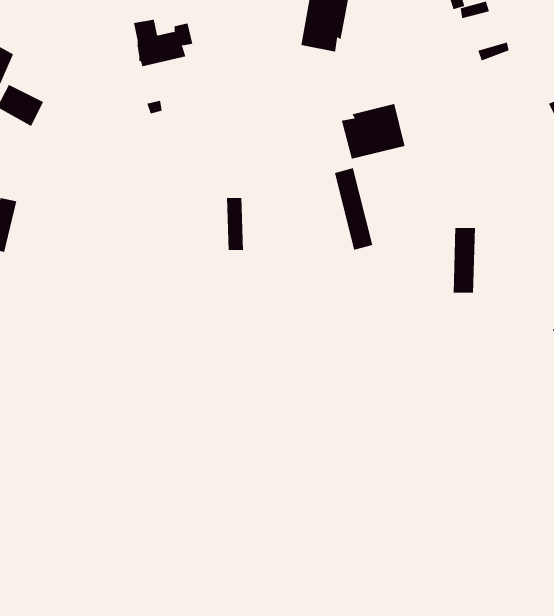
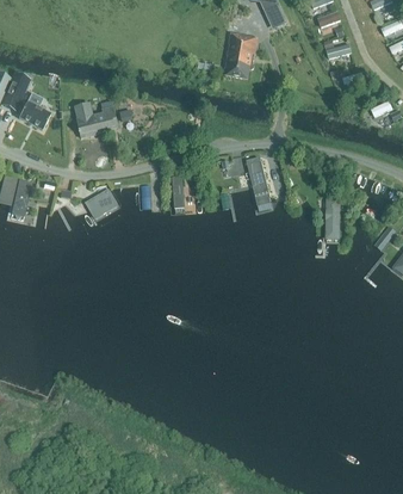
building: [133,19,193,67] -> [75,104,116,136]
building: [341,103,405,159] -> none
building: none -> [85,187,118,218]

